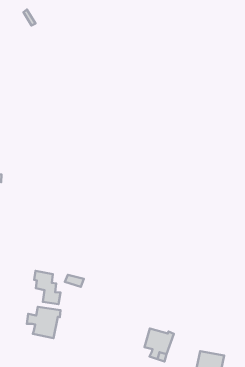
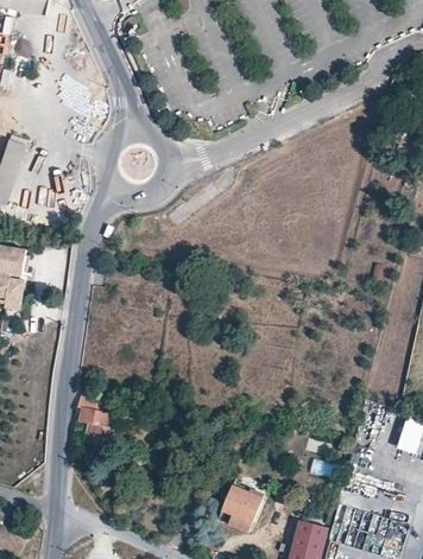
building: [27,307,61,338] -> none

